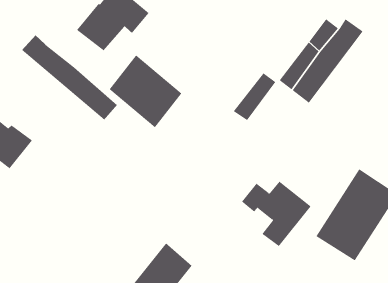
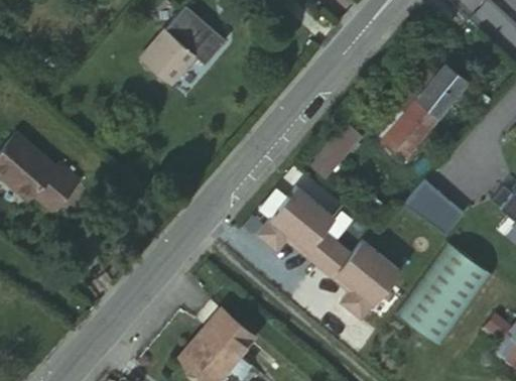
building: [21,34,118,121] -> none
building: [109,54,182,128] -> none
building: none -> [411,183,471,235]
building: none -> [257,188,335,266]

